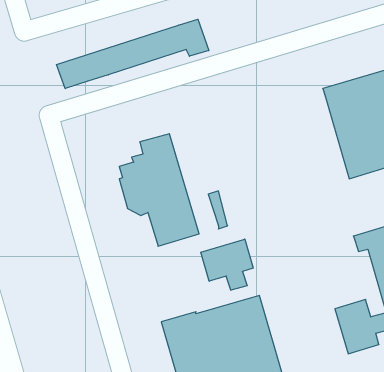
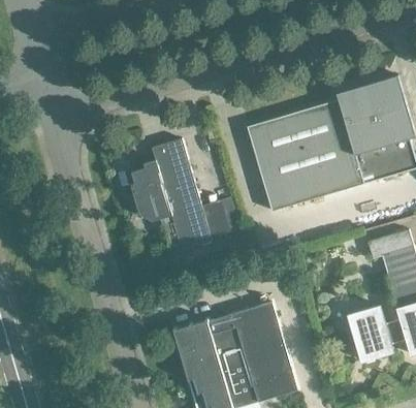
building: [56,19,209,89] -> none
building: none -> [246,99,362,211]
building: [201,239,253,290] -> none

